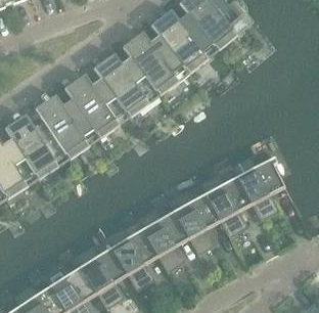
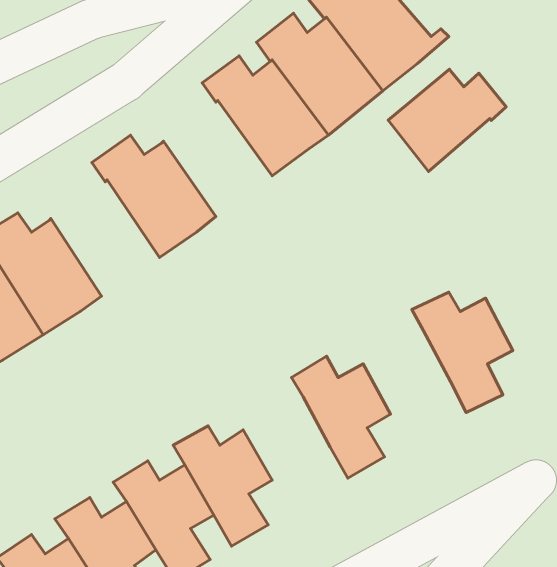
building: none -> [388,69,506,172]
building: [93,53,158,117] -> none
building: [34,94,99,159] -> none
building: [200,173,253,237] -> none
building: [137,209,189,272] -> none

